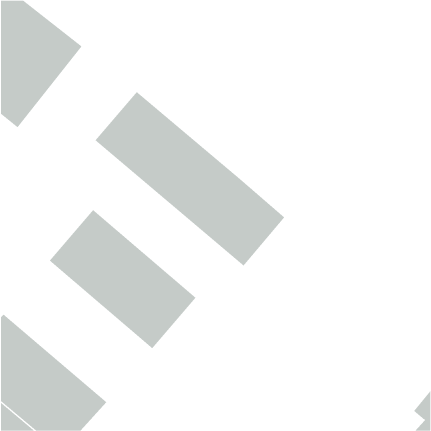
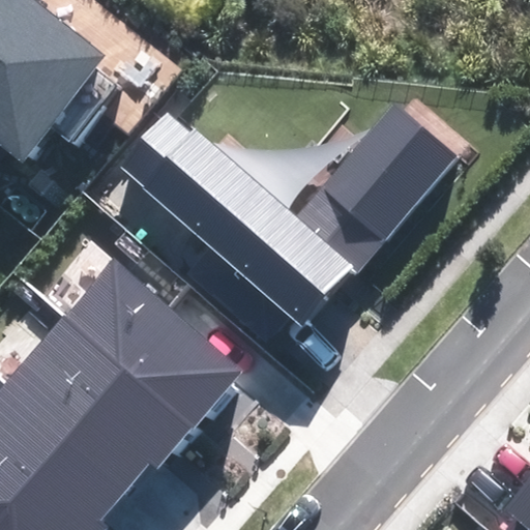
building: none -> [295,105,457,273]
building: none -> [4,320,187,494]

